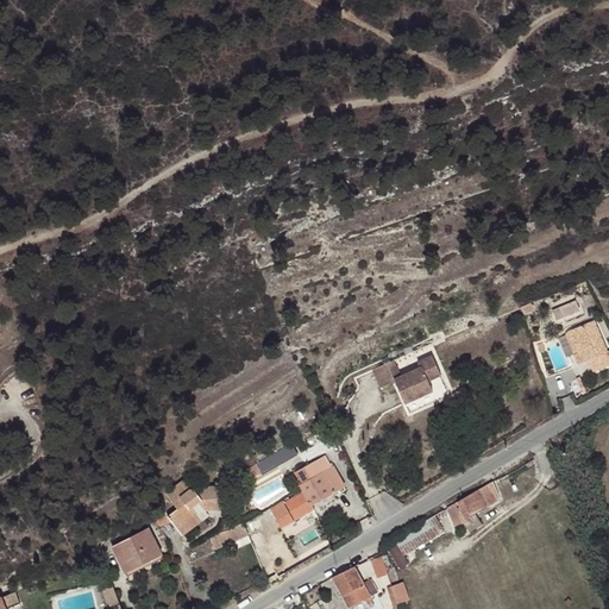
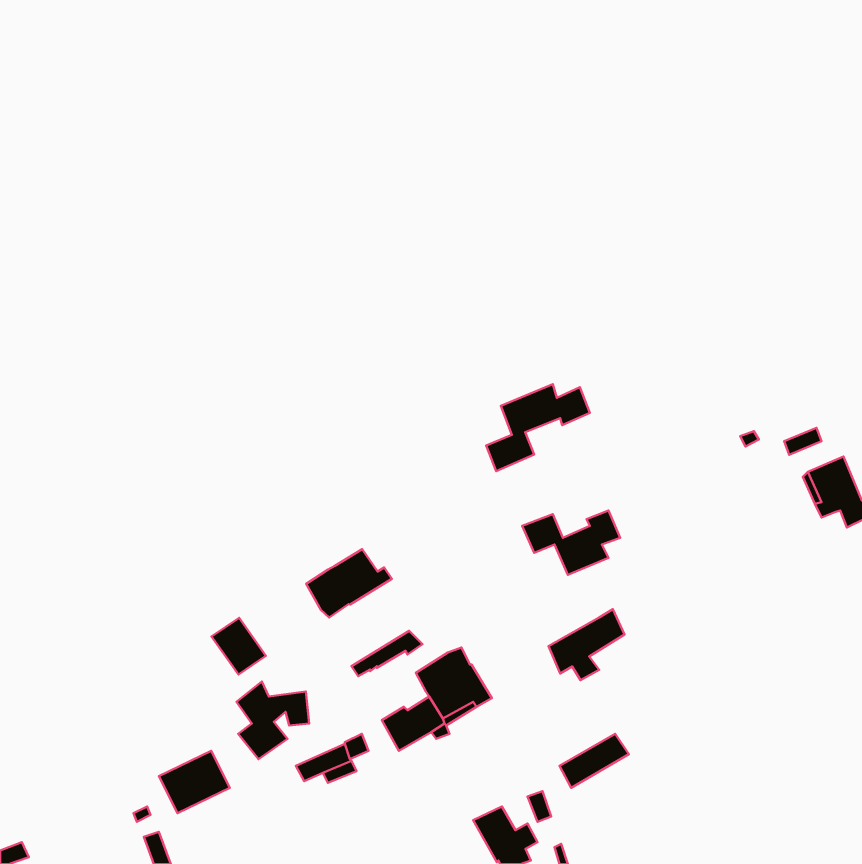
building: none -> [486,384,590,471]
building: none -> [306,549,392,617]
building: none -> [212,618,266,675]
building: [447,482,501,532] -> [548,609,625,680]

